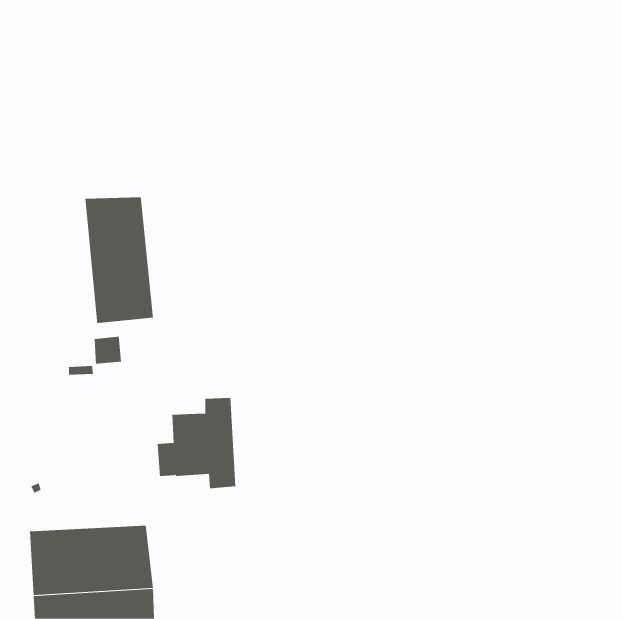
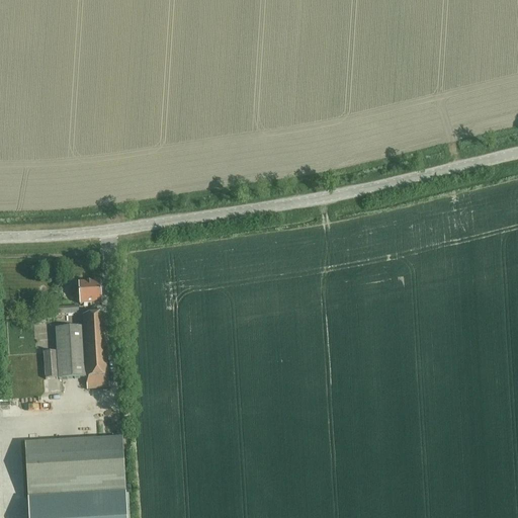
building: [85,196,154,324] -> none
building: [157,397,236,489] -> [42,312,108,387]

